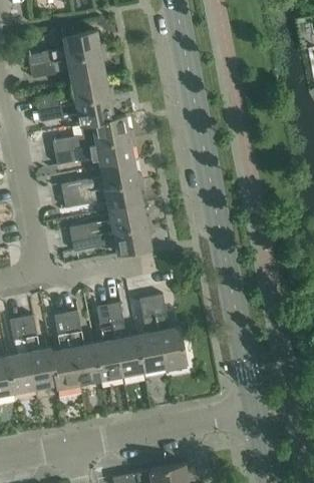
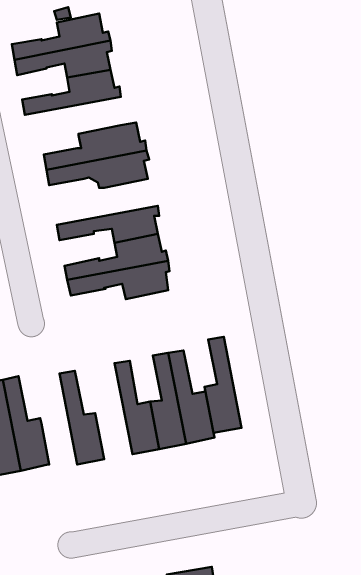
building: [37,96,114,125] -> none
building: [60,160,141,196] -> none
building: [92,305,121,380] -> [204,337,242,433]
building: [50,313,78,388] -> none

